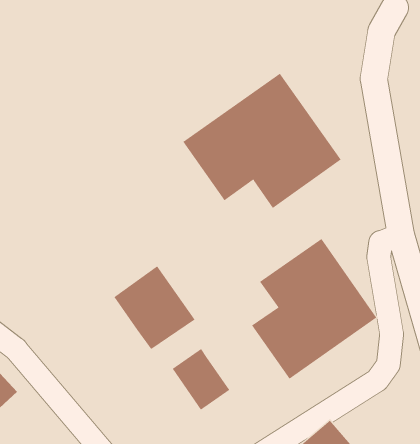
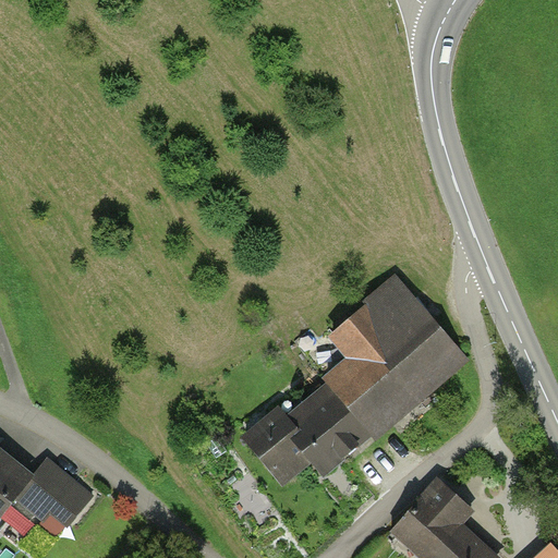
building: [183,73,342,209] -> none
building: [114,266,196,350] -> [286,384,379,477]

